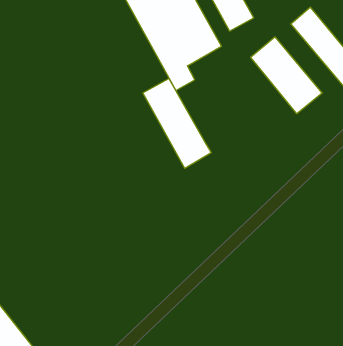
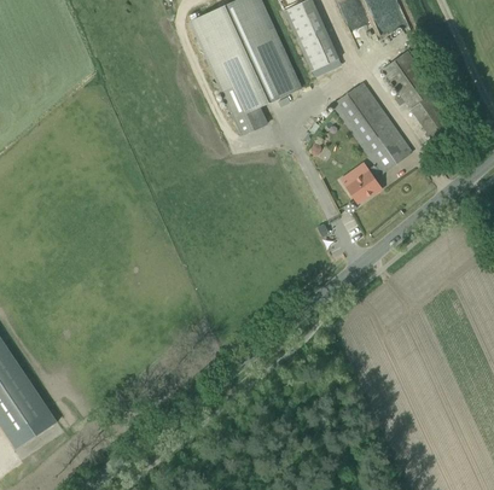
building: [143,79,211,168] -> none
building: none -> [345,164,380,203]

